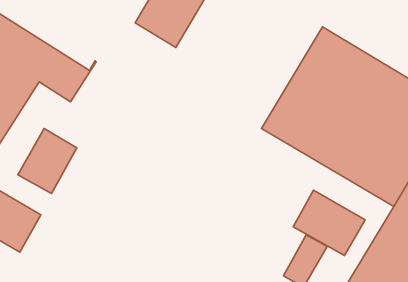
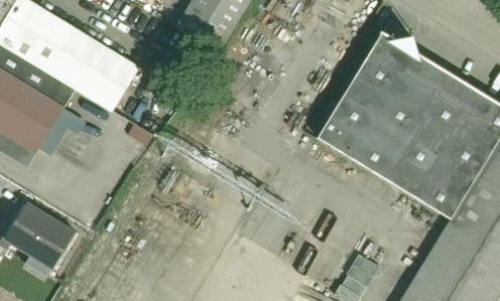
building: [18,129,77,193] -> none
building: [293,190,365,256] -> none

